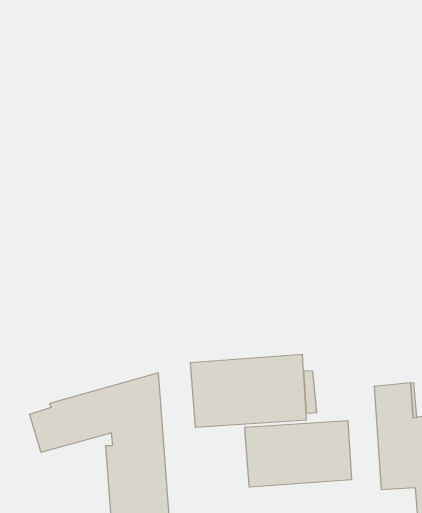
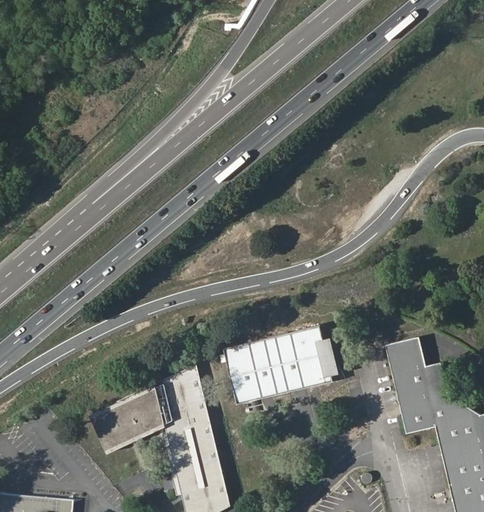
building: [245,421,351,487] -> none

